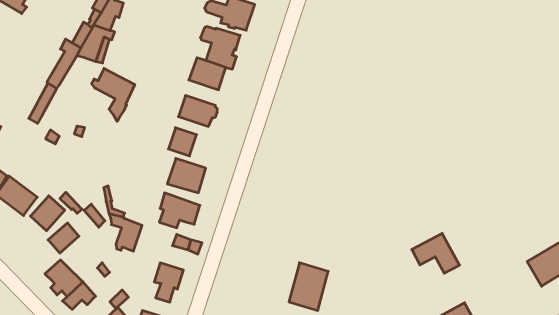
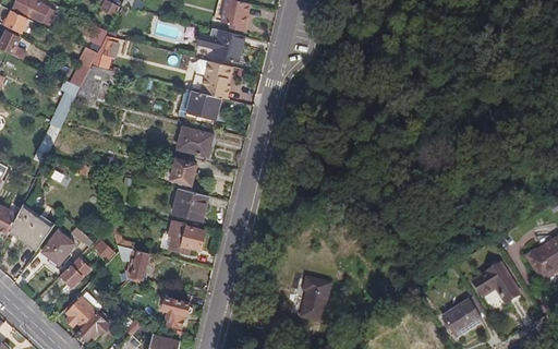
building: [92,68,135,121] -> none
building: [412,233,460,273] -> [469,270,515,309]

